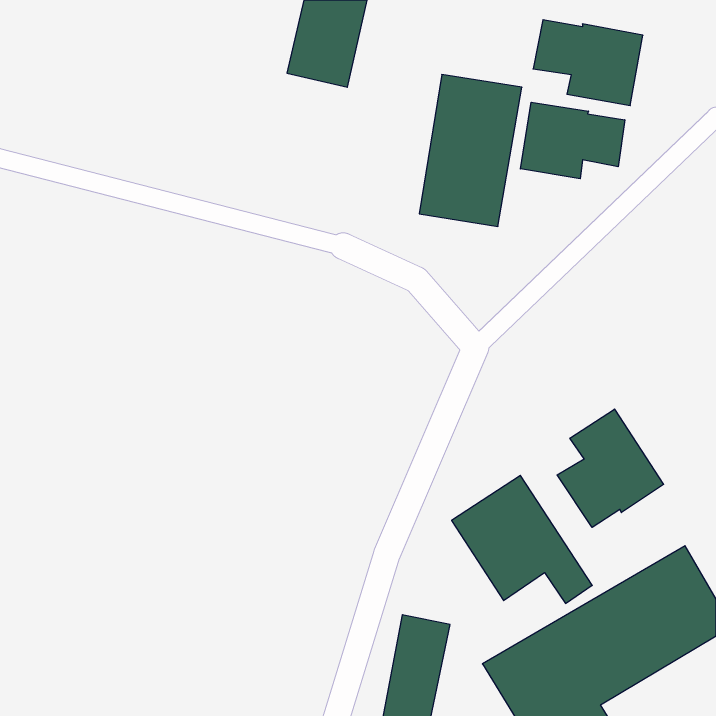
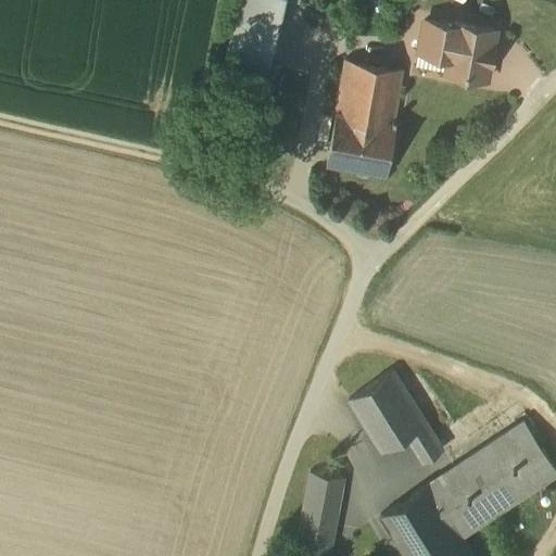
building: [520,102,625,179] -> none
building: [557,409,664,527] -> none

